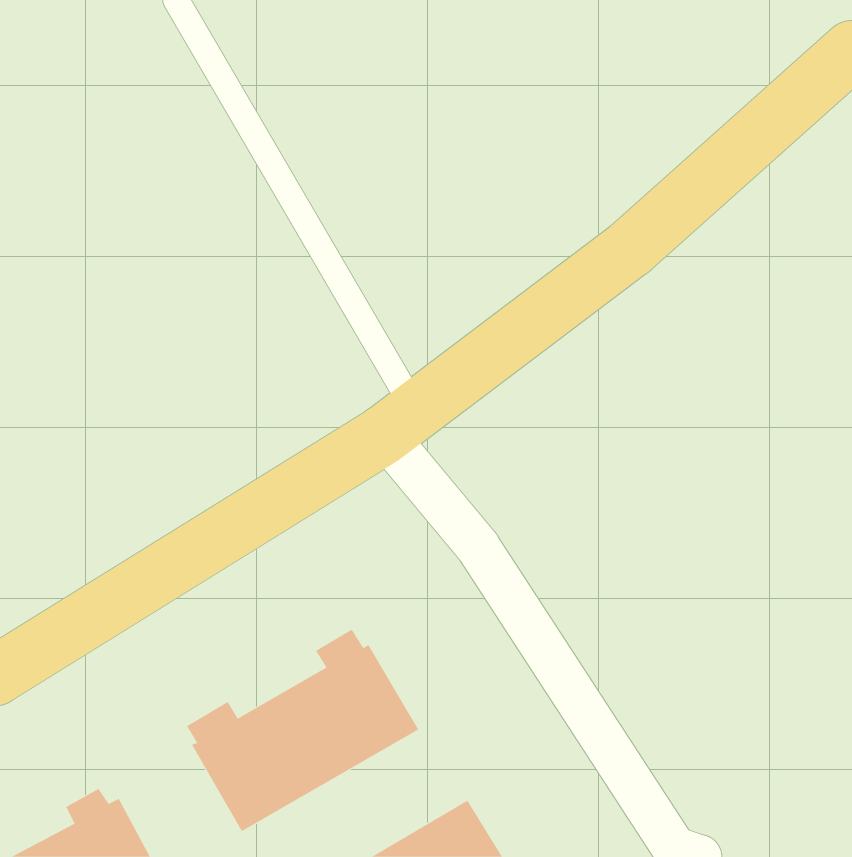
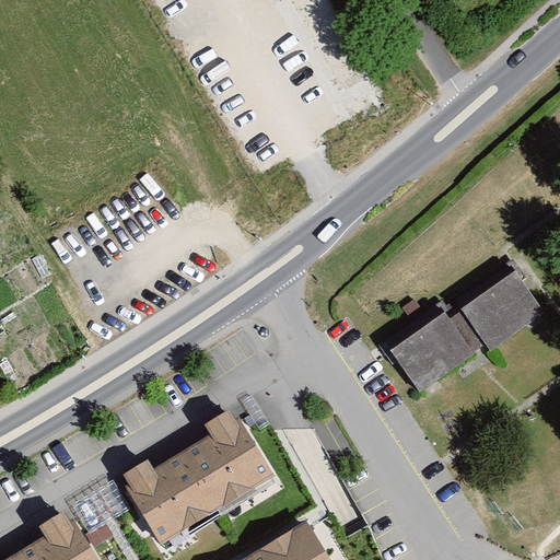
building: none -> [460,273,545,355]
building: none -> [386,311,481,395]

